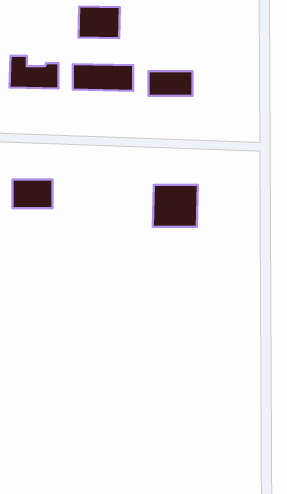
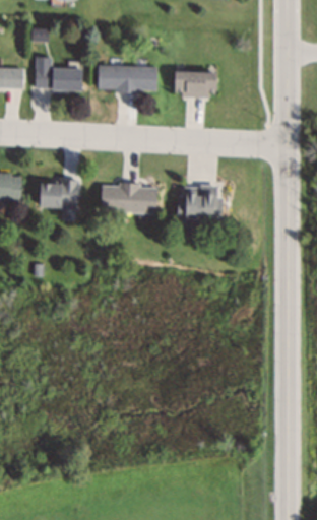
building: [79,7,120,38] -> none
building: none -> [100,184,157,213]

